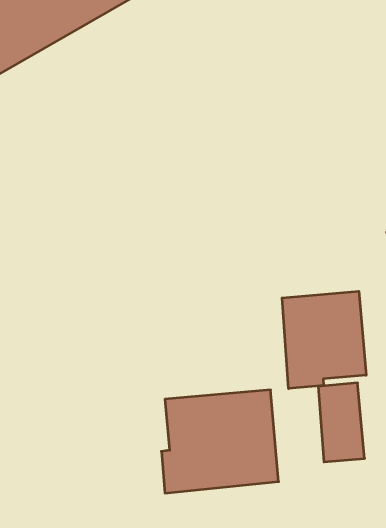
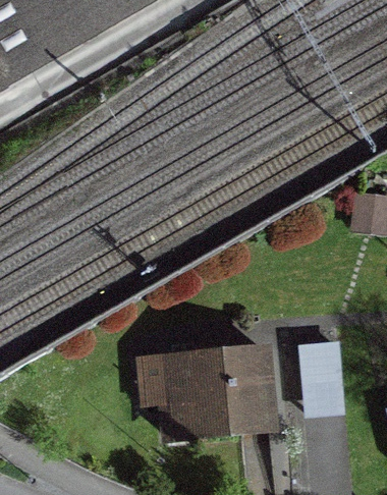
building: [282,291,366,389] -> none

